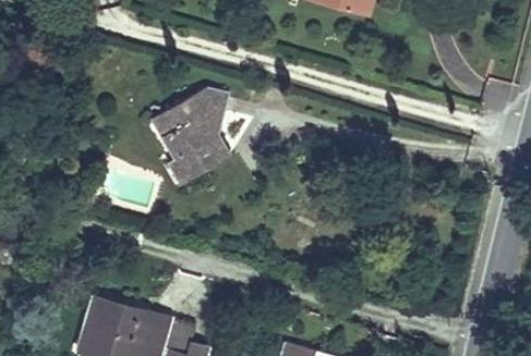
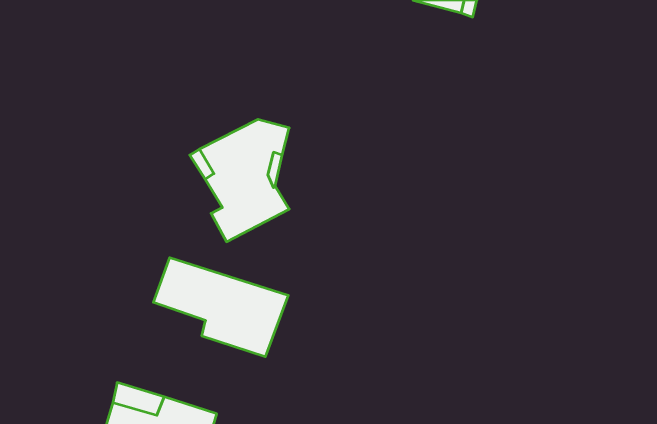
building: none -> [153,258,288,357]

